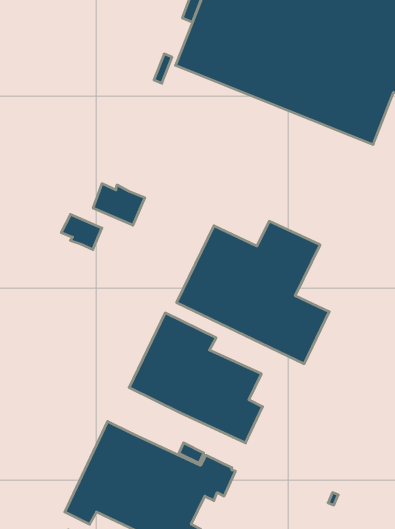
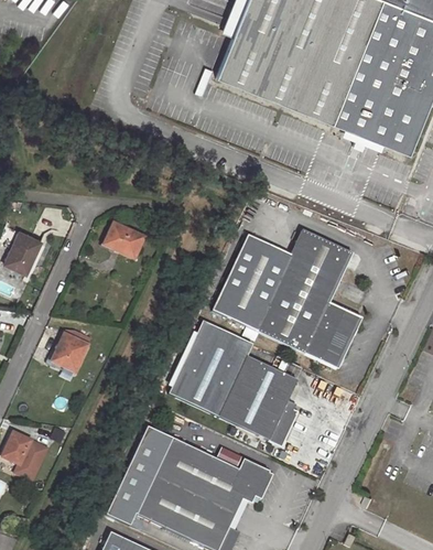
building: [93,184,145,225] -> none
building: none -> [51,333,87,371]

